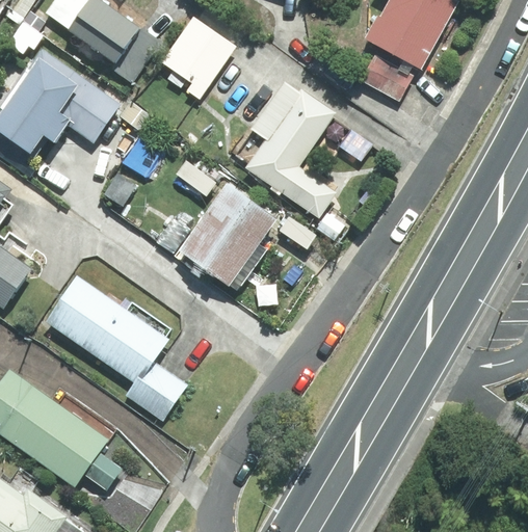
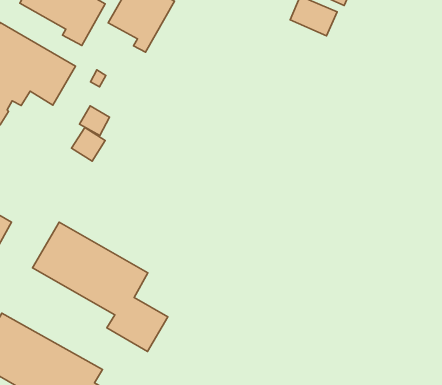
building: [244,81,337,219] -> none
building: [181,183,279,285] -> none

